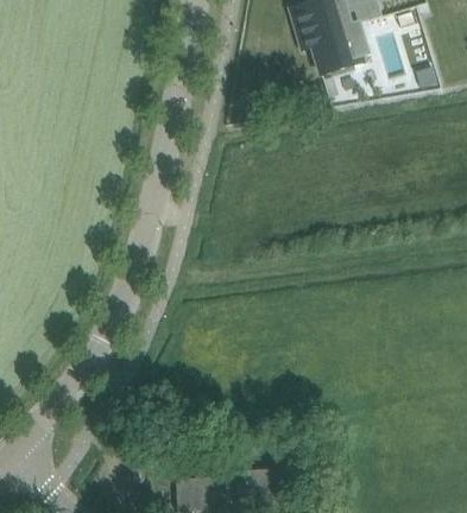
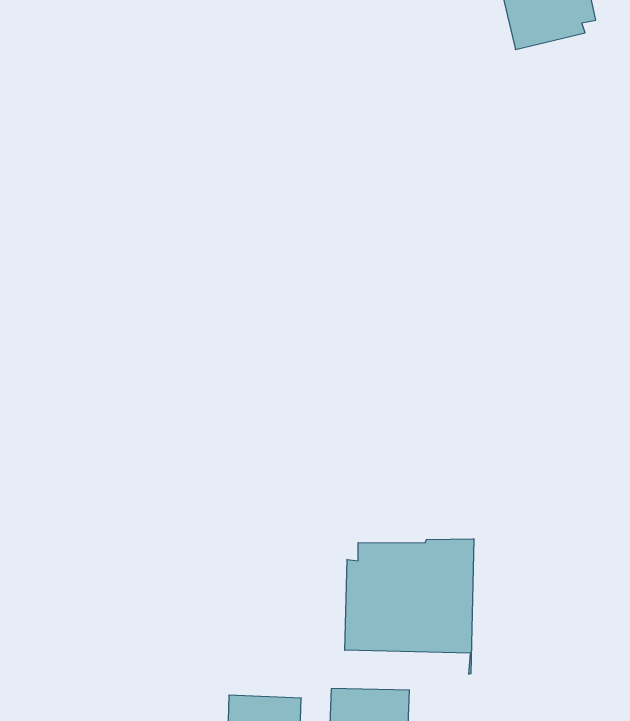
building: none -> [345,539,474,674]

